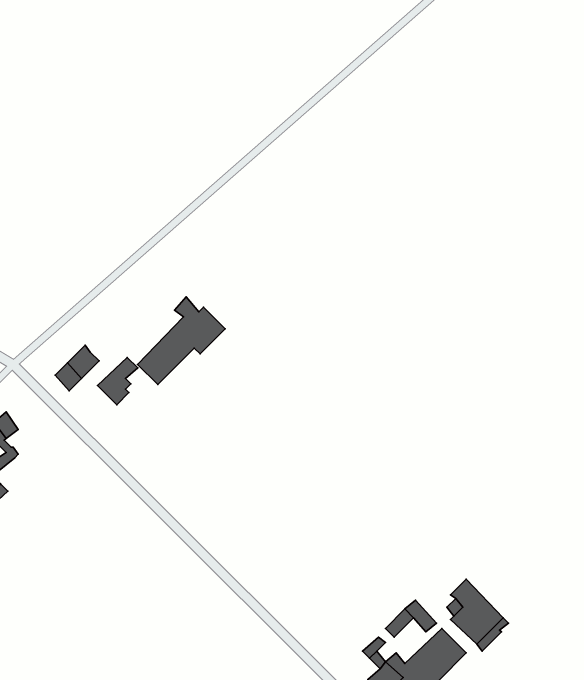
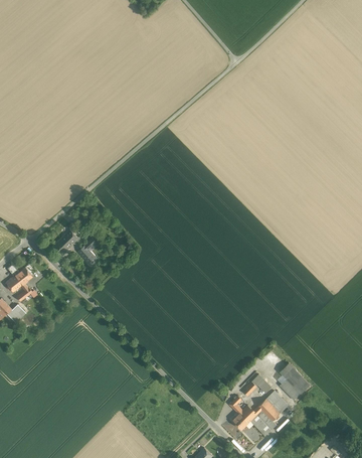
building: [138,297,225,385] -> none

